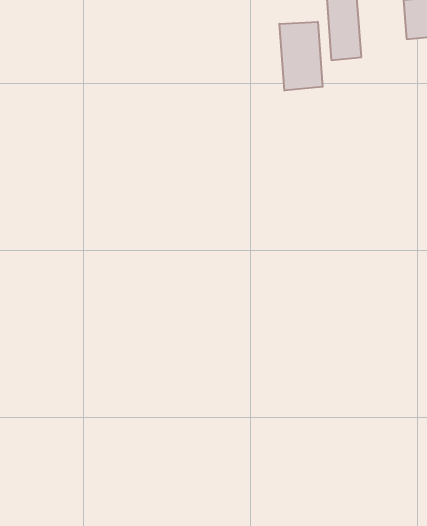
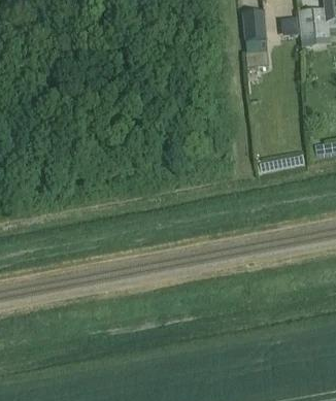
building: [279,22,322,91] -> none

